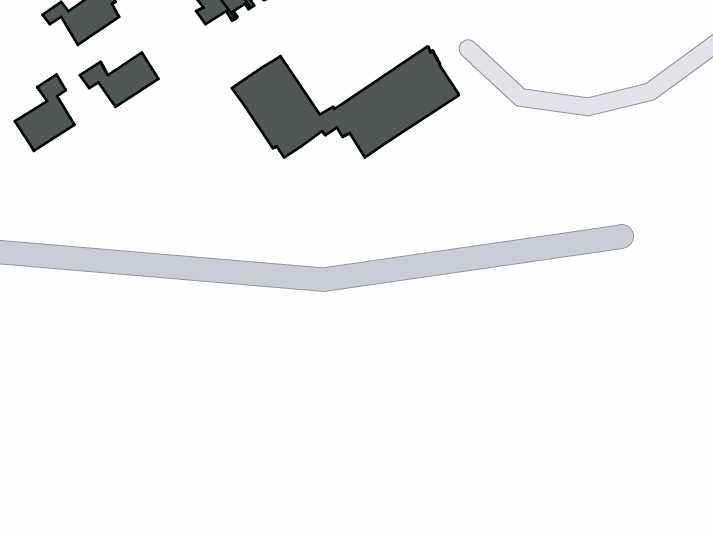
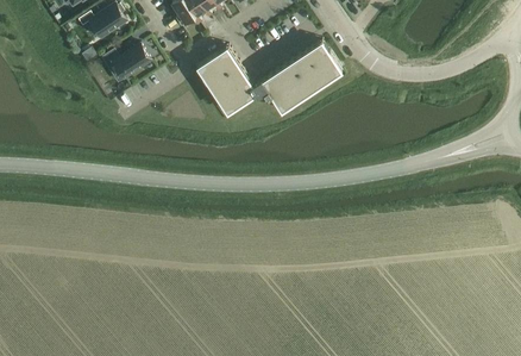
building: [15,75,75,151] -> none

